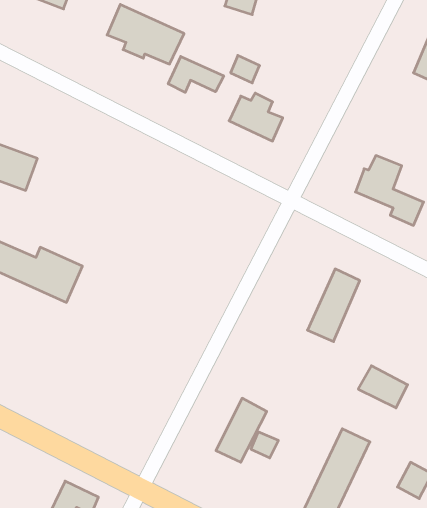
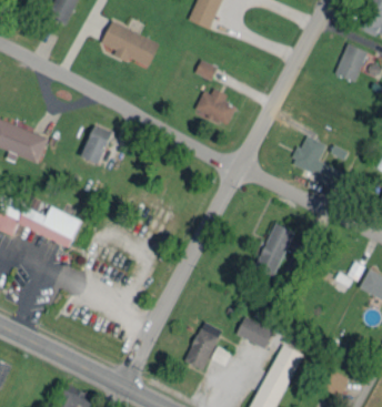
building: [168,56,224,92] -> none
building: none -> [80,124,111,163]
building: [358,366,408,408] -> [235,316,273,348]

